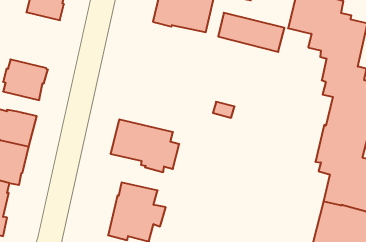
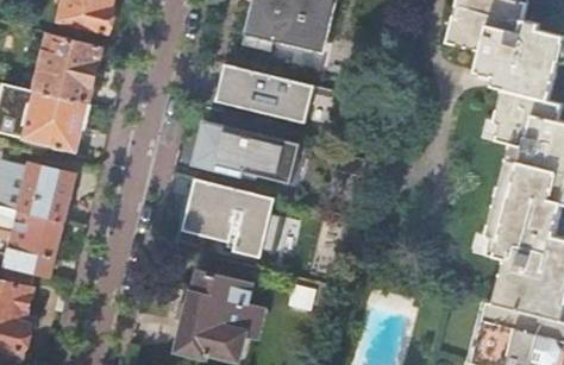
building: [218,13,285,52] -> [217,64,315,122]
building: none -> [32,32,100,102]
building: none -> [199,120,301,184]

